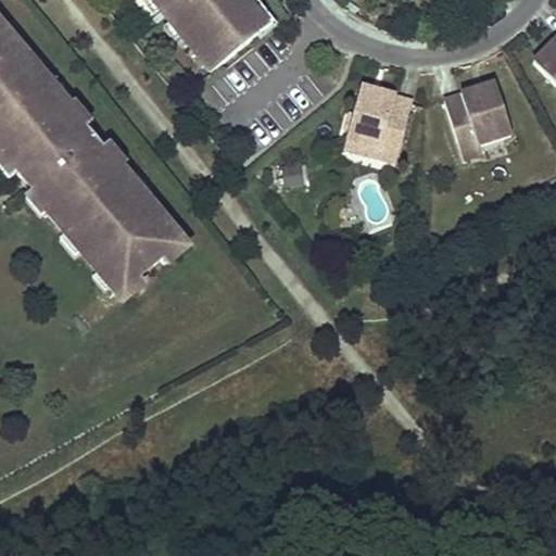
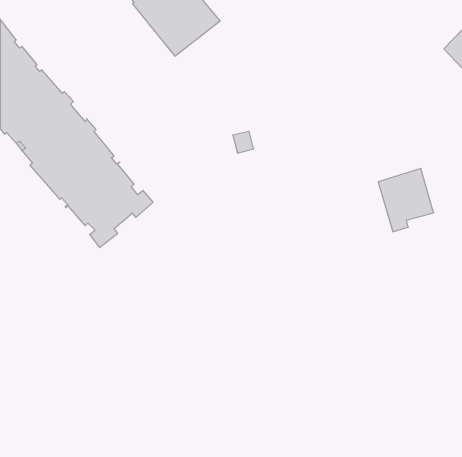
building: [445,79,511,155] -> [378,168,434,232]
building: [344,83,412,157] -> none

